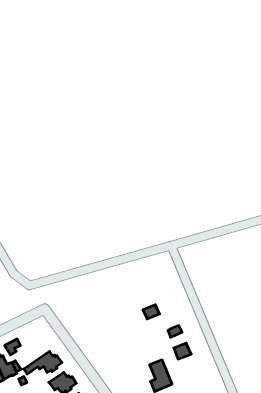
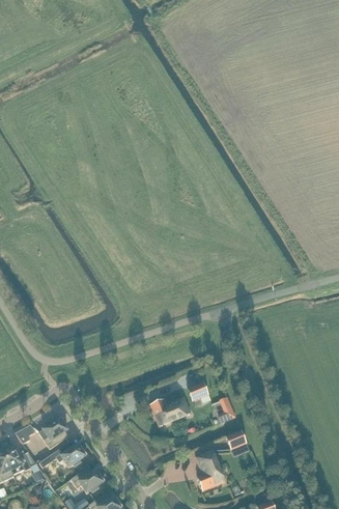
building: none -> [149,398,189,427]
building: none -> [37,418,67,450]

